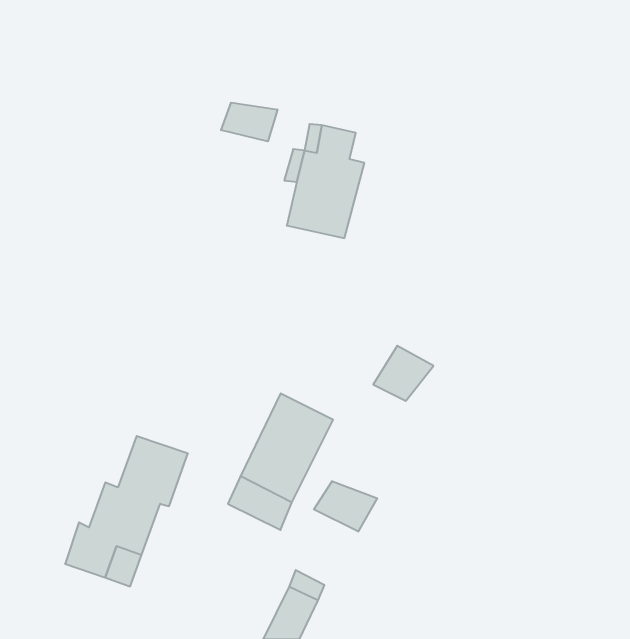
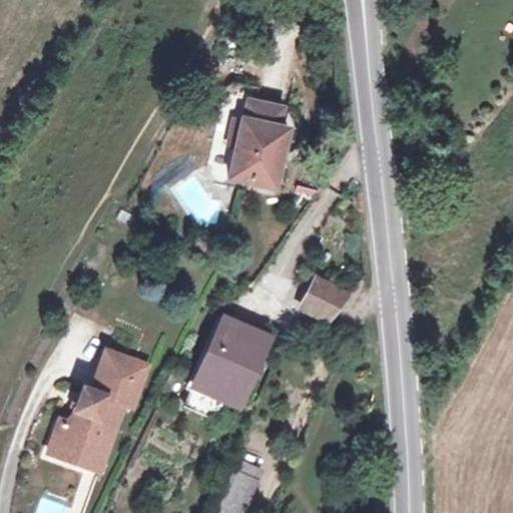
building: [221,103,277,141] -> none
building: [314,481,377,532] -> none

